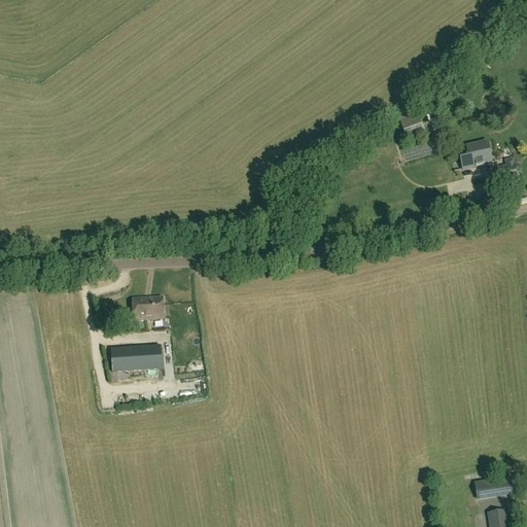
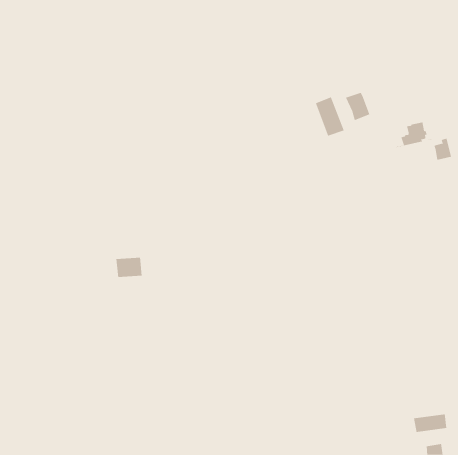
building: none -> [315,96,344,136]
building: [111,345,163,371] -> none

